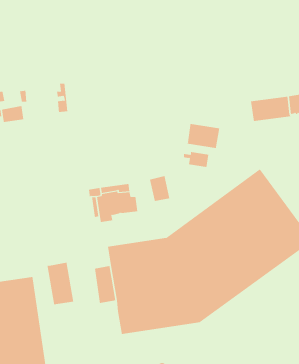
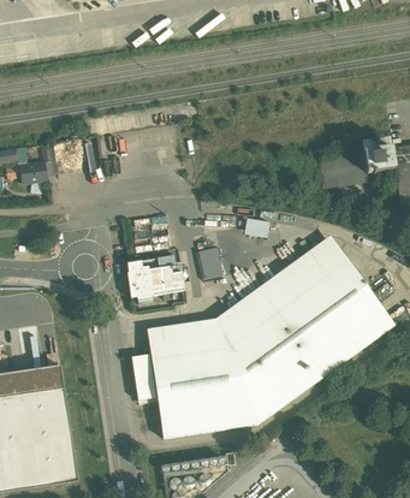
building: [187,123,220,149] -> none
building: [47,262,74,305] -> none

